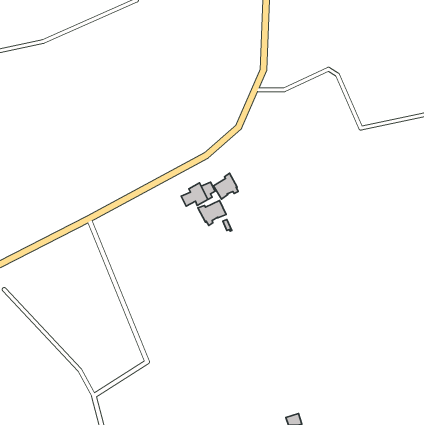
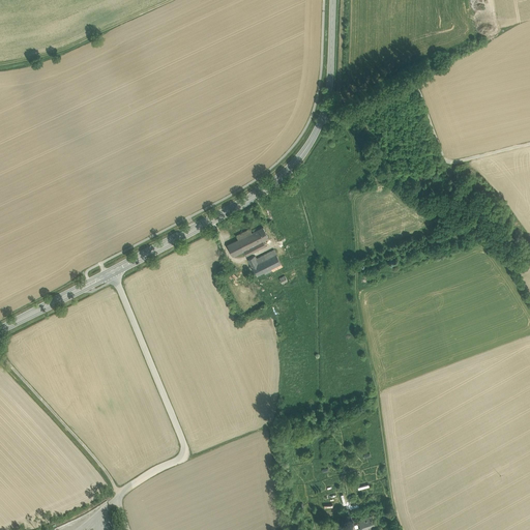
building: [214,173,238,199] -> none

